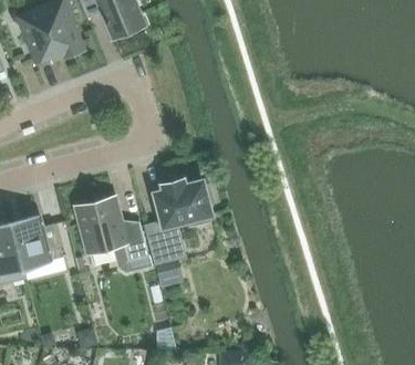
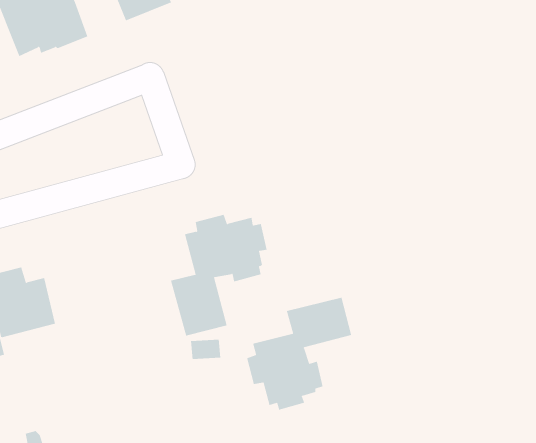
building: [77,196,148,260] -> none
building: none -> [247,297,352,411]

